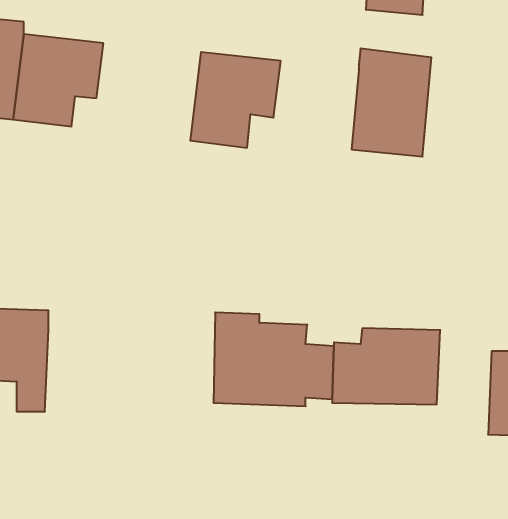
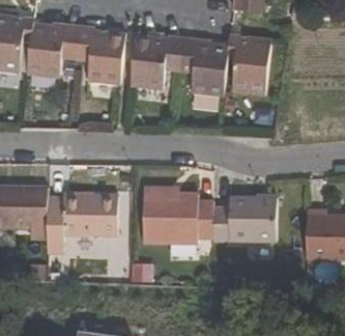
building: none -> [75,29,125,85]
building: none -> [178,39,228,96]
building: none -> [45,193,116,252]

